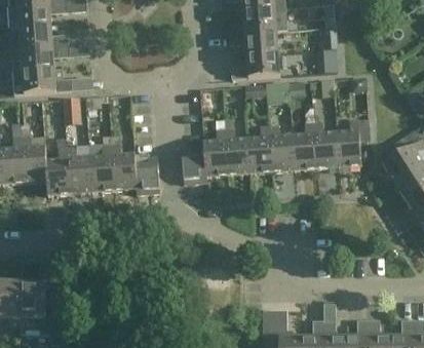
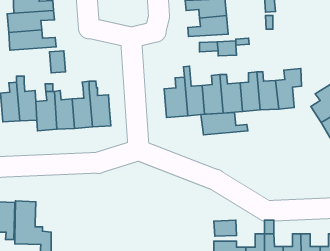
building: [179,147,204,184] -> none
building: [133,154,159,192] -> none
building: none -> [201,113,248,135]

